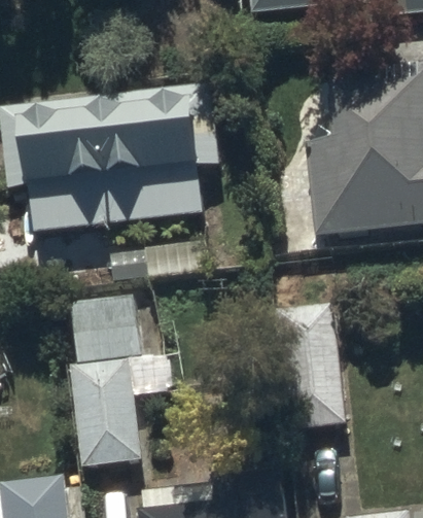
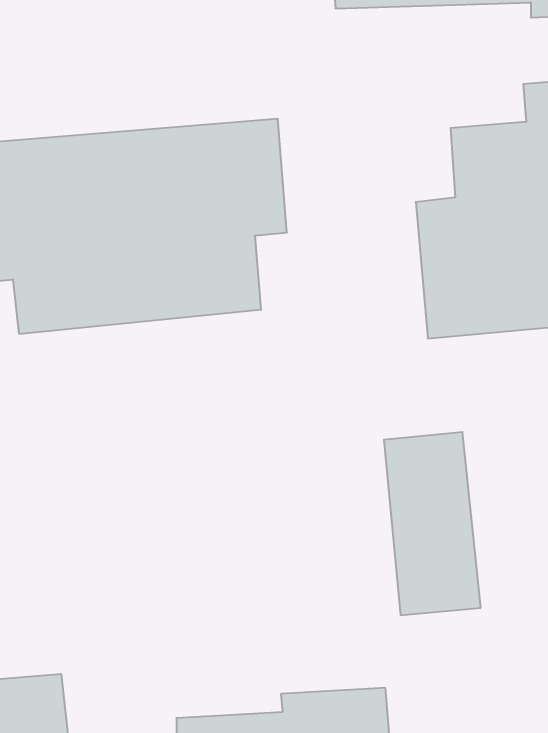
building: [66,298,148,469] -> none

